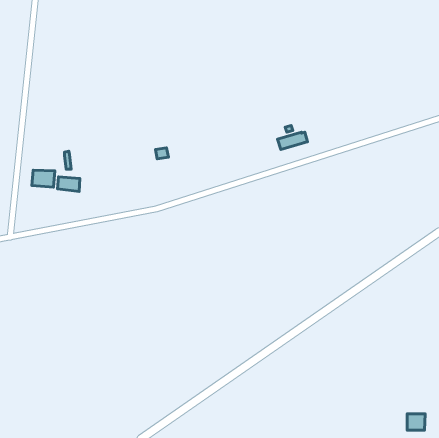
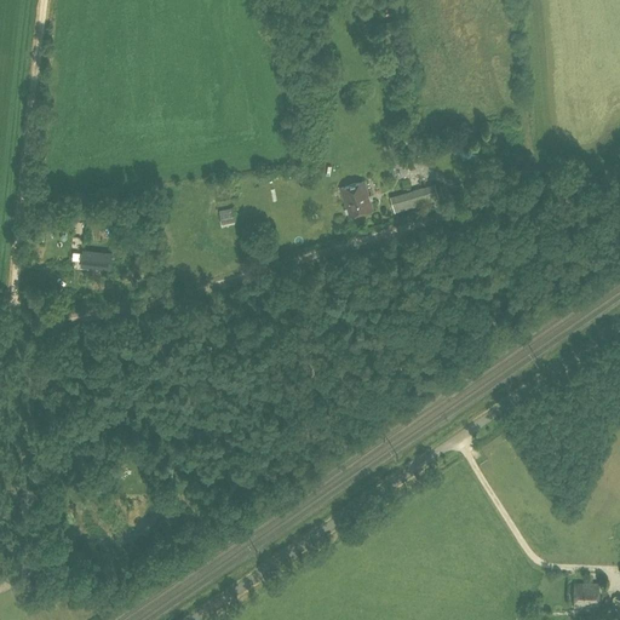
building: none -> [340,182,373,217]
building: [32,170,55,187] -> none

